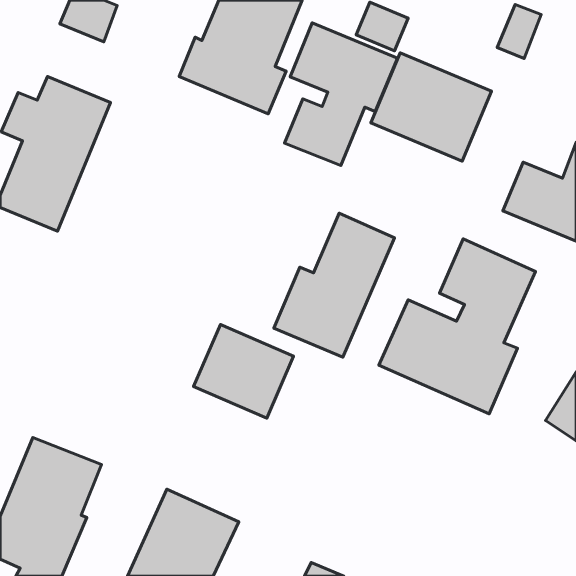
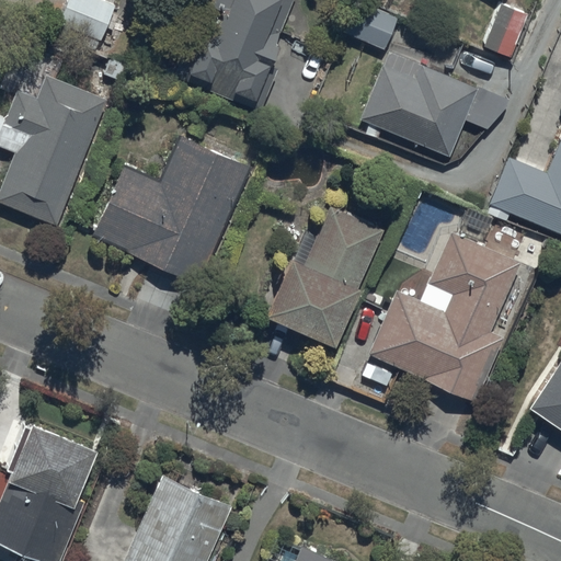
building: [285,23,398,166] -> none
building: none -> [93,136,251,283]
building: [194,324,294,418] -> none

